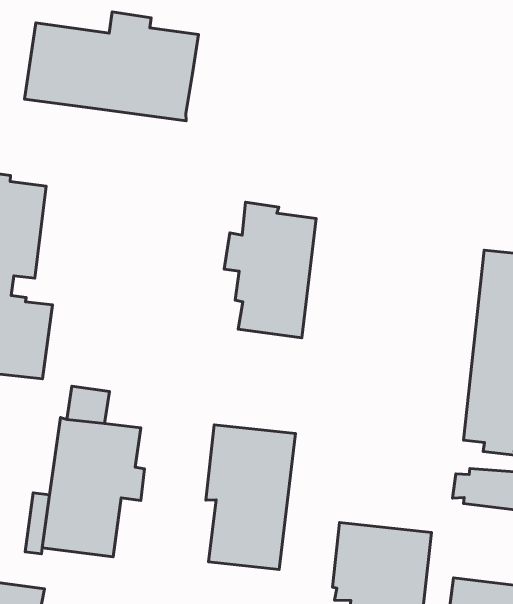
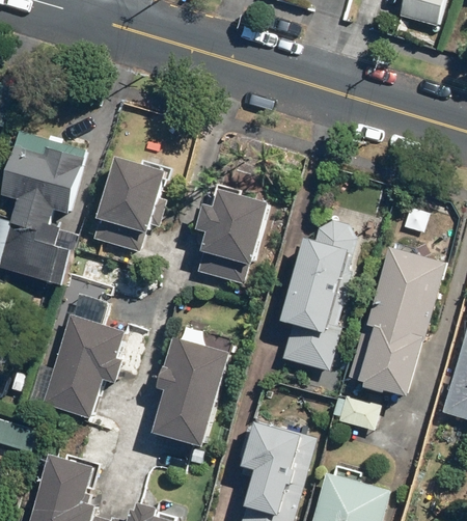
building: [24,12,199,121] -> none
building: none -> [92,157,166,253]
building: none -> [279,222,356,372]

